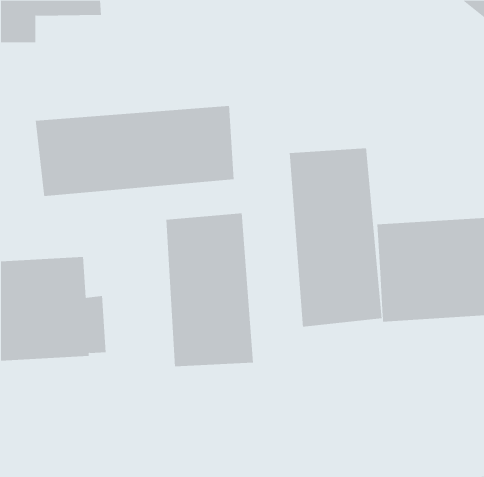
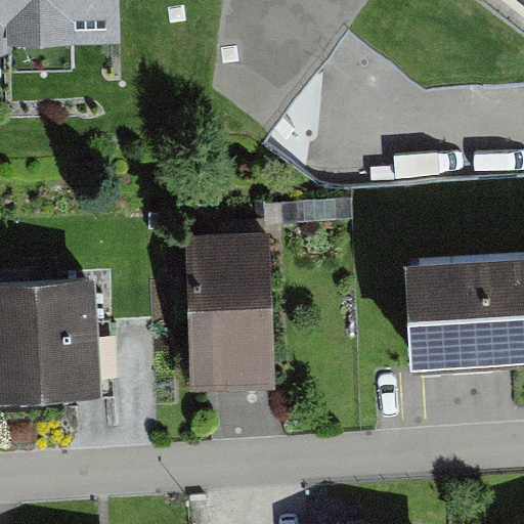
building: [35,105,234,197] -> none
building: [289,148,382,327] -> none

